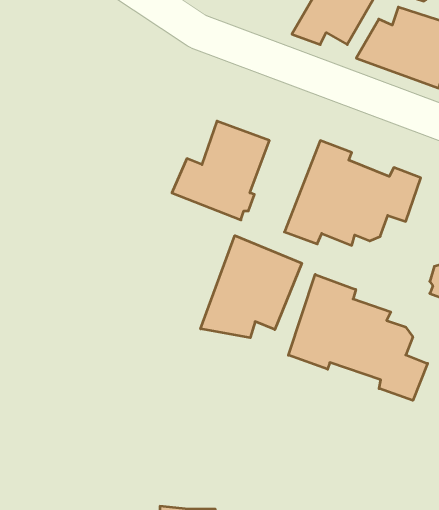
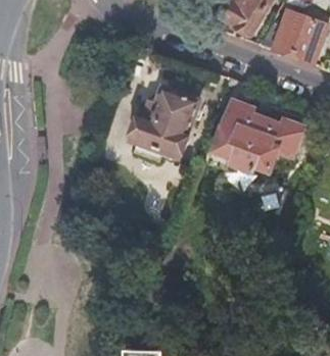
building: [201,236,302,338] -> none
building: [288,274,428,400] -> none

